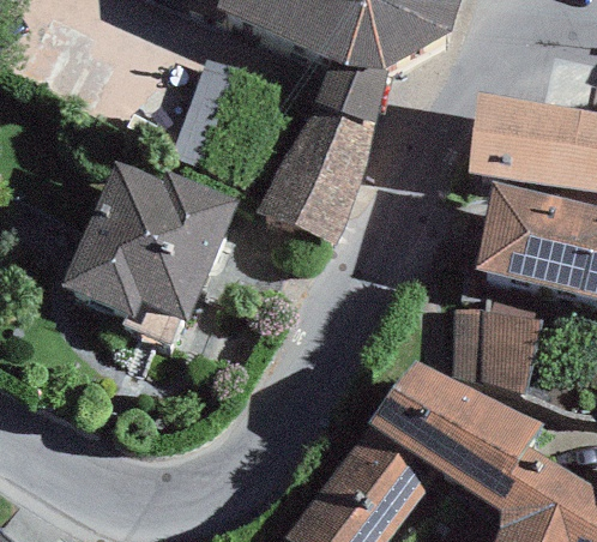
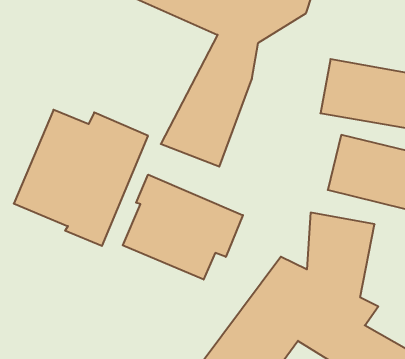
building: none -> [123,175,243,280]

